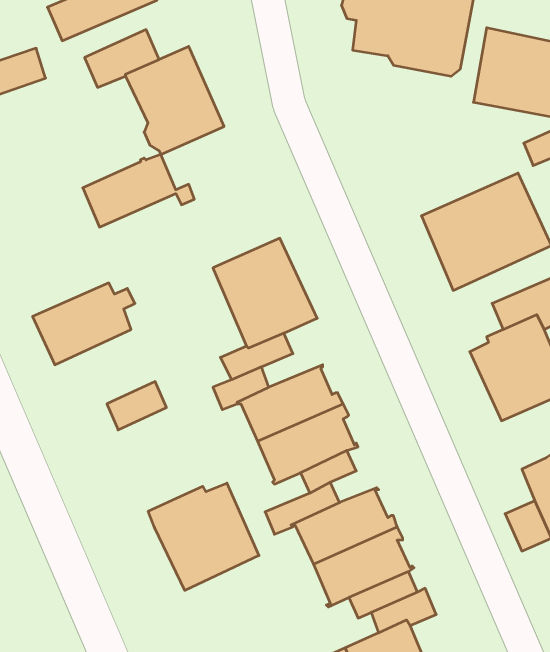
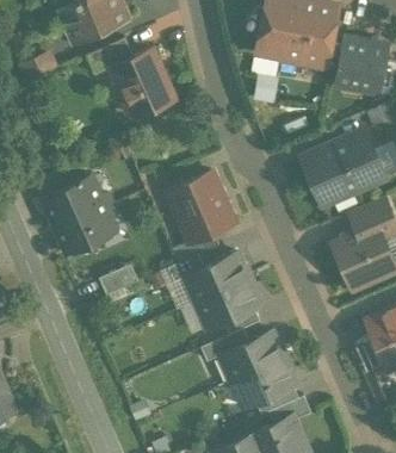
building: [83,154,194,227] -> [42,175,113,222]
building: [148,483,259,590] -> none

